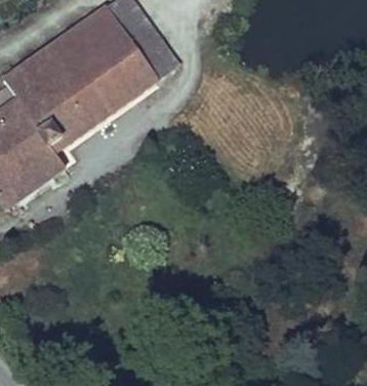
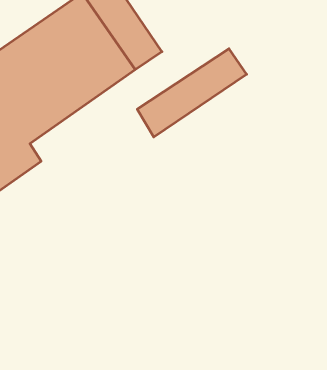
building: none -> [137,49,247,137]

